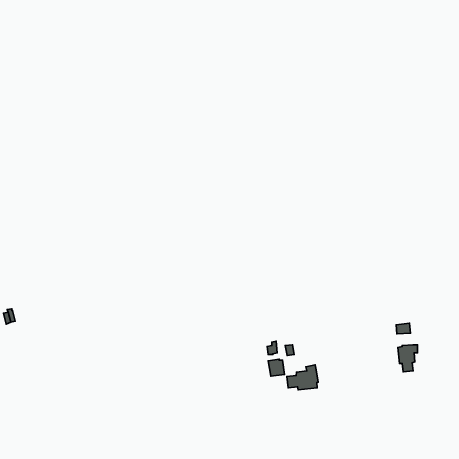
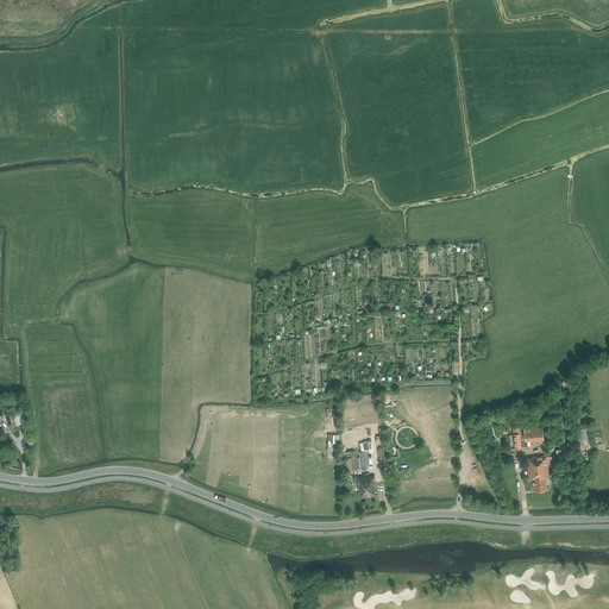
building: [287,365,318,390] -> none

